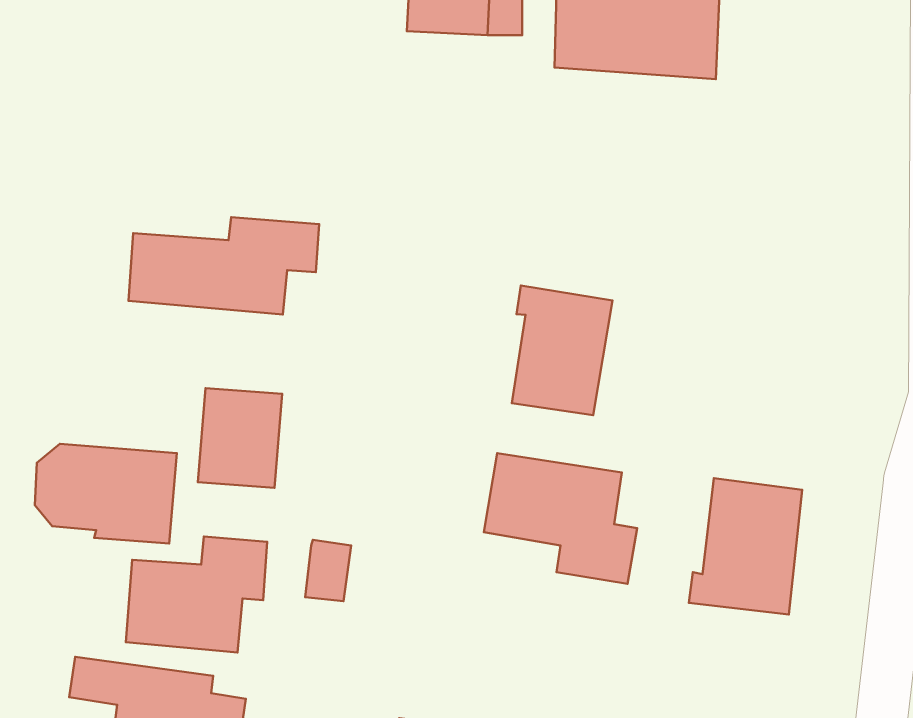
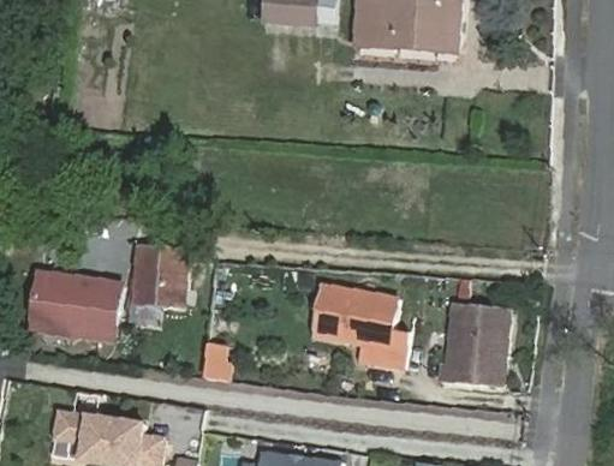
building: [128,217,319,314] -> none
building: [512,286,613,415] -> none
building: [126,537,267,652] -> none

